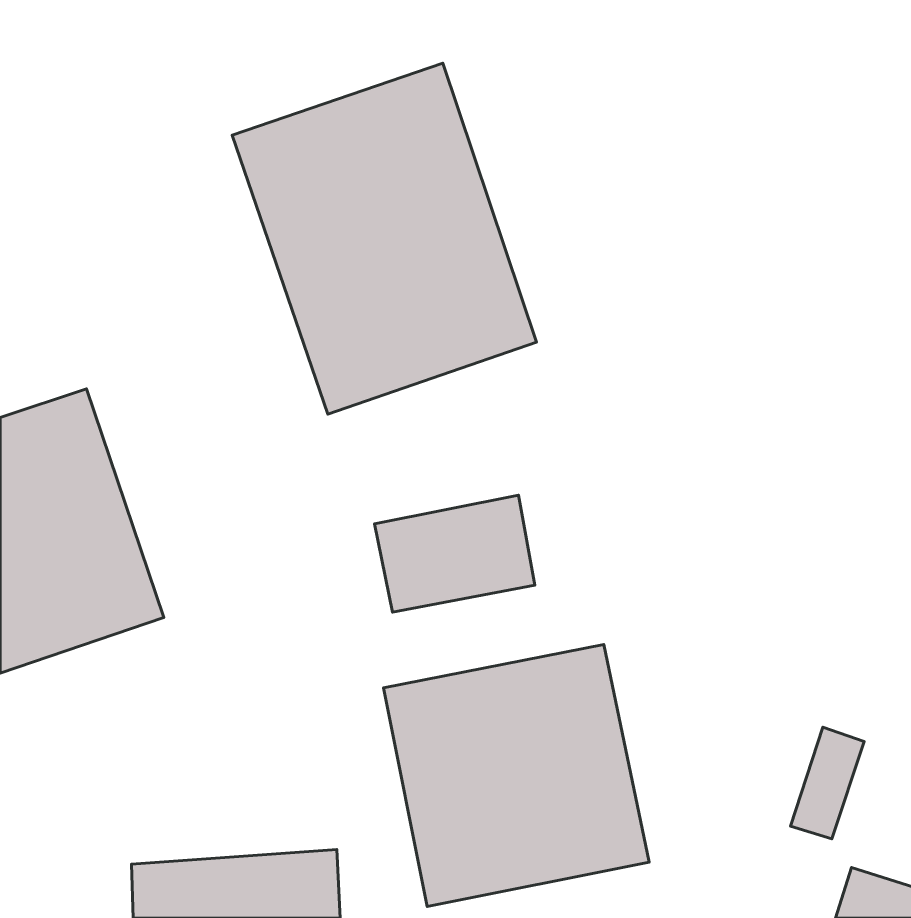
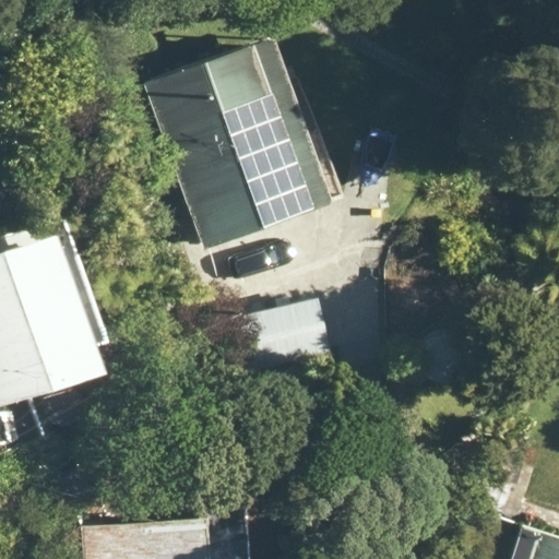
building: [383,644,649,907] -> none

